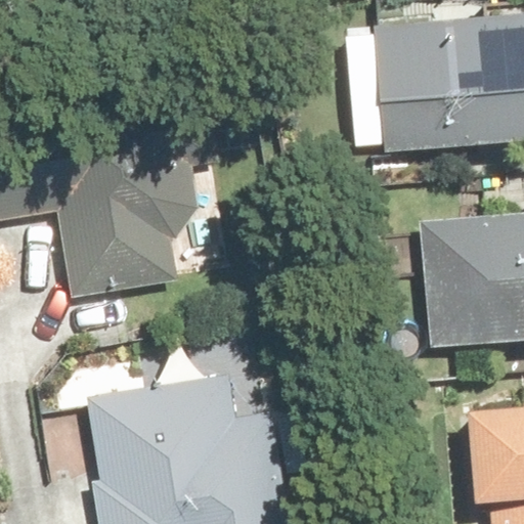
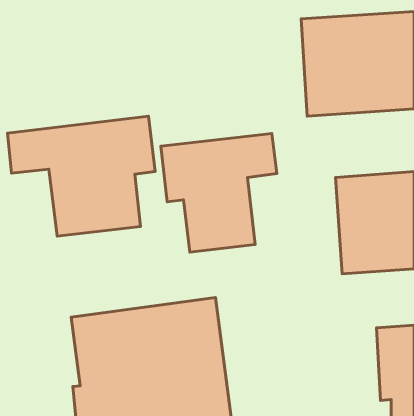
building: none -> [161,134,277,252]

